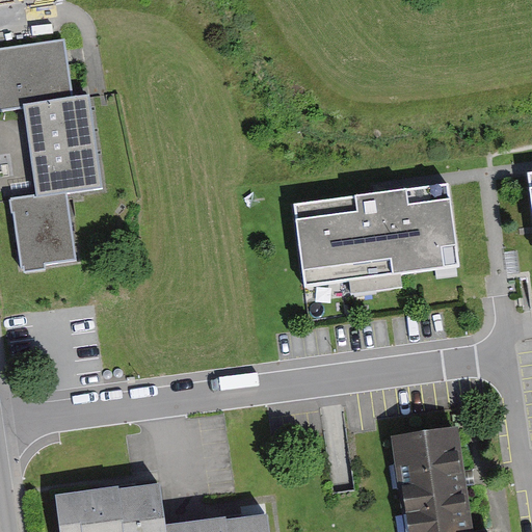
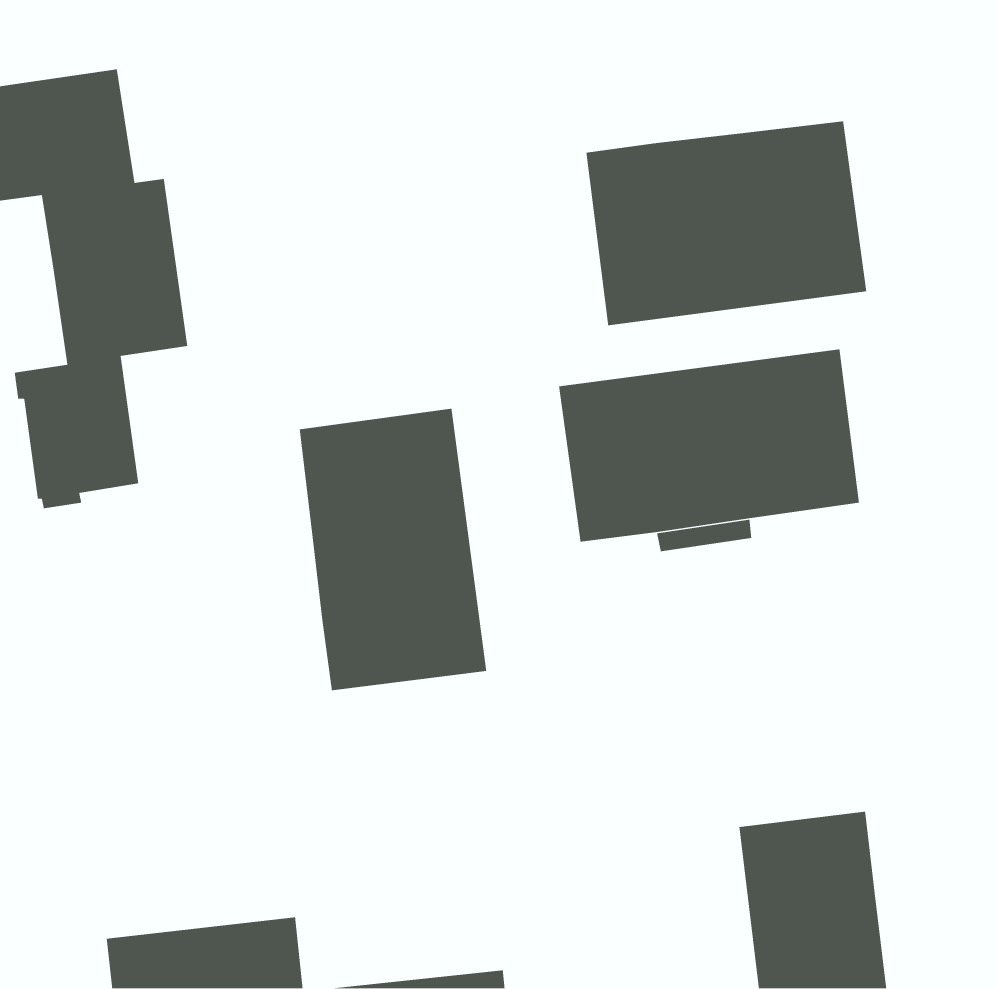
building: none -> [585,120,867,326]
building: none -> [299,408,487,691]

